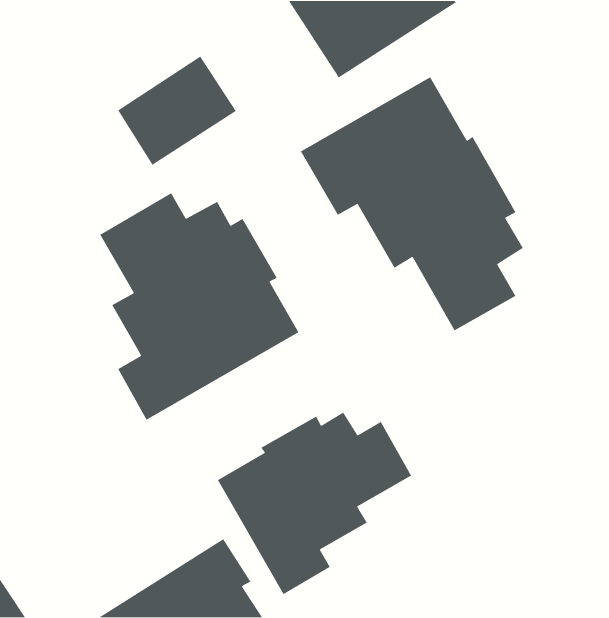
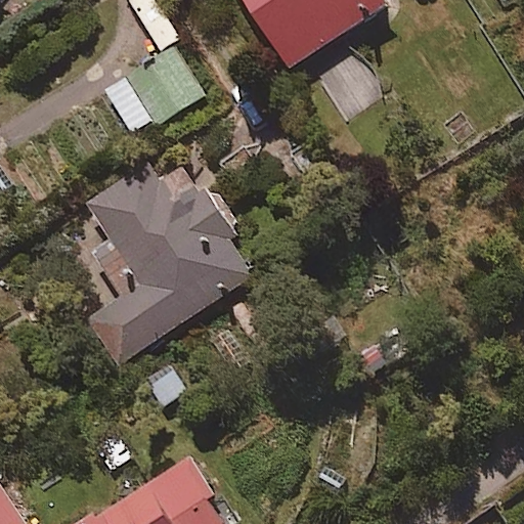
building: [300,76,524,331] -> none
building: [217,412,412,595] -> none

